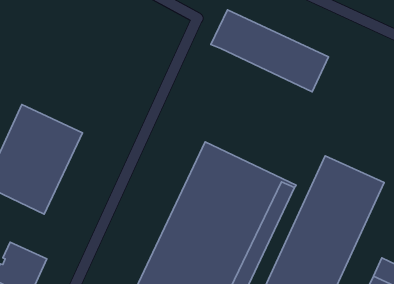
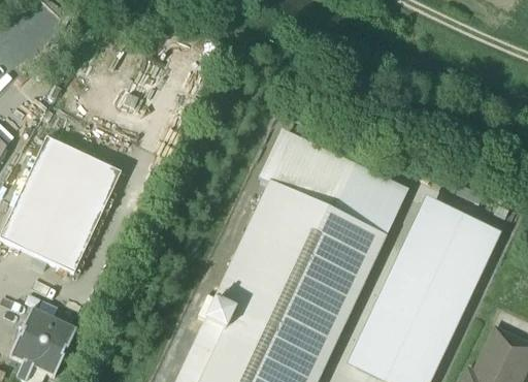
building: [211,10,329,92] -> [261,132,407,234]

